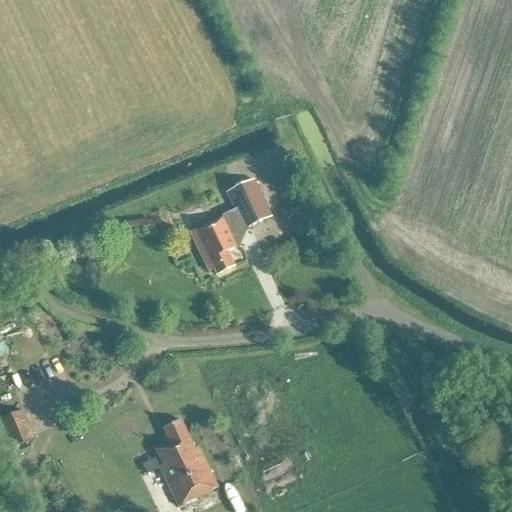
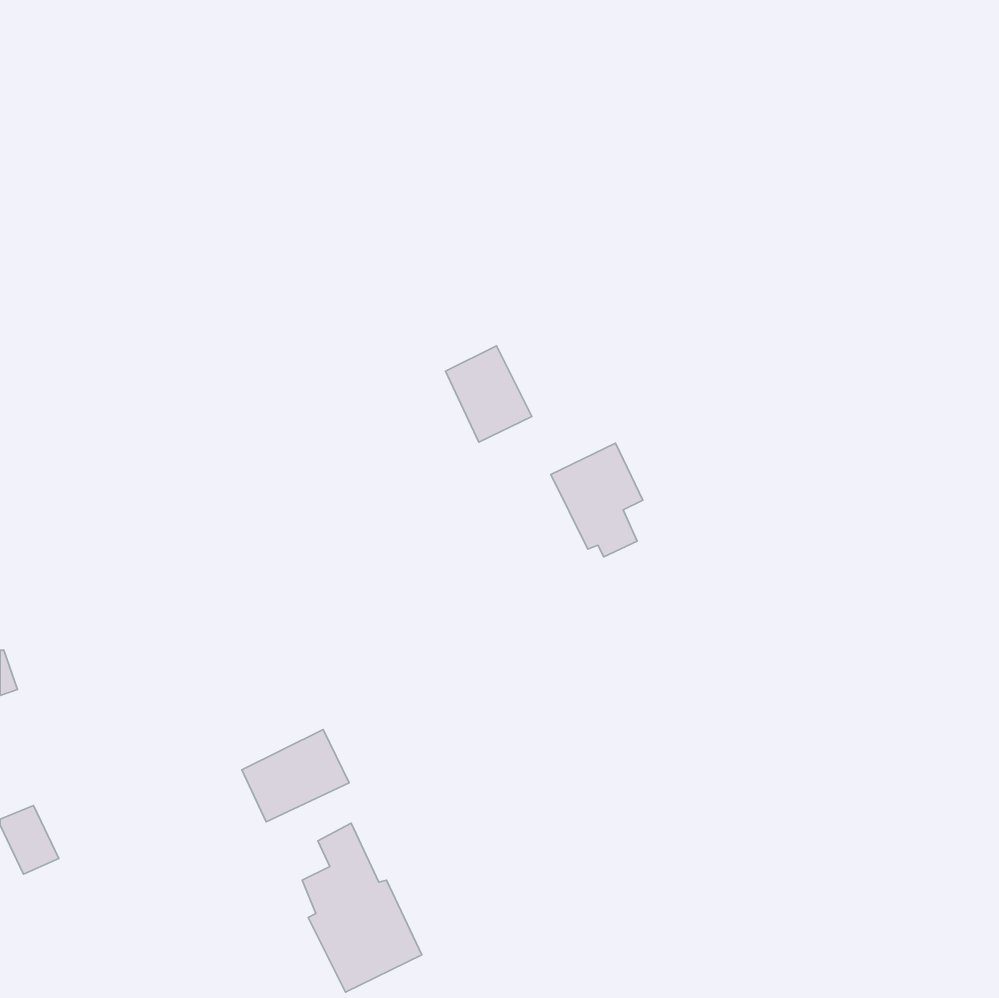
building: [192,213,239,271] -> [551,443,643,557]
building: none -> [242,730,349,822]

